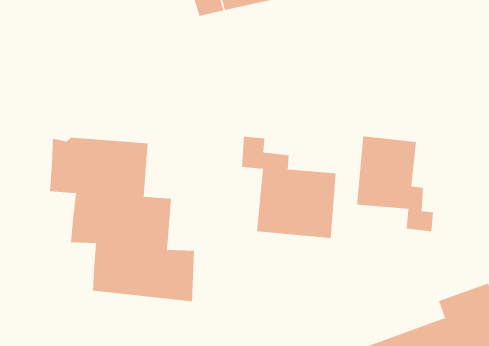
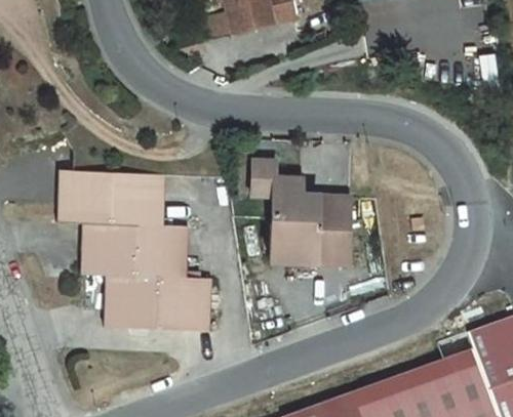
building: [357,136,434,232] -> none

